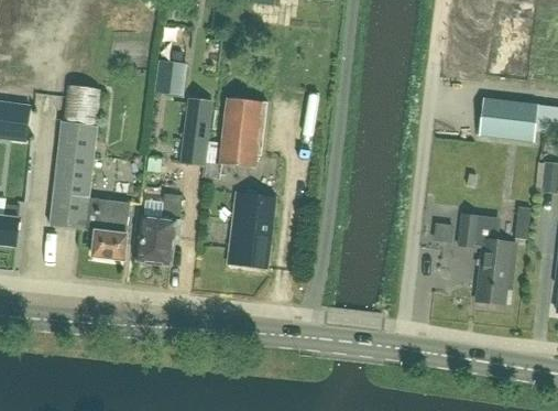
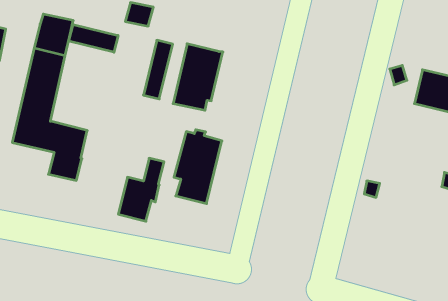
building: none -> [69,24,118,52]
building: [138,195,180,263] -> [118,158,164,221]
building: [457,214,514,304] -> none

